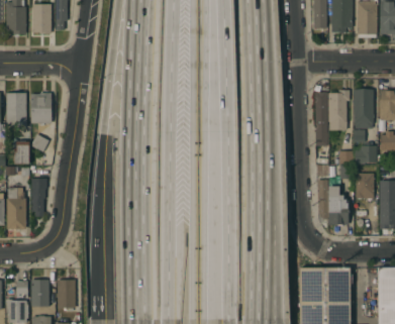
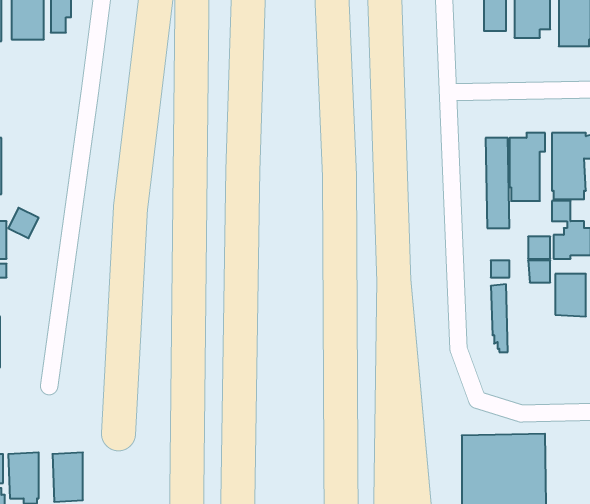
building: [30,92,52,122] -> none
building: [31,178,46,216] -> none
building: [328,186,349,224] -> none

